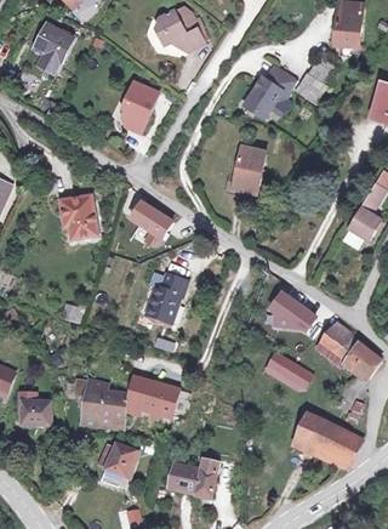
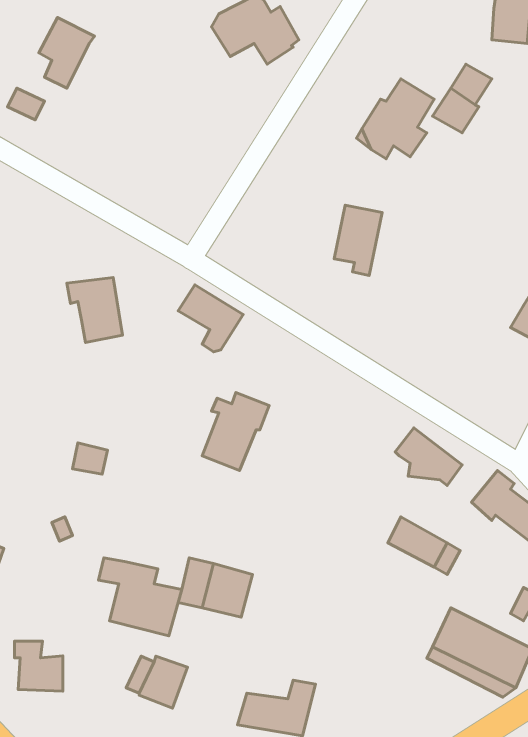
building: [125,86,158,135] -> none
building: [19,391,51,423] -> [15,641,63,691]

